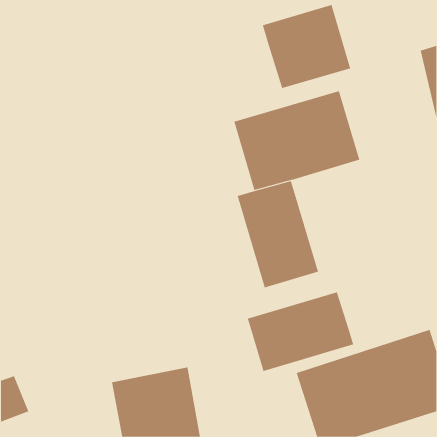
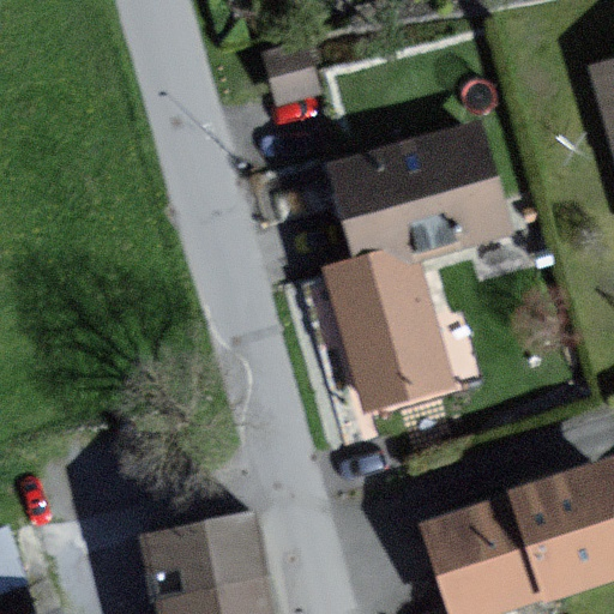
building: [262,4,351,89] -> none
building: [247,292,354,372] -> none

